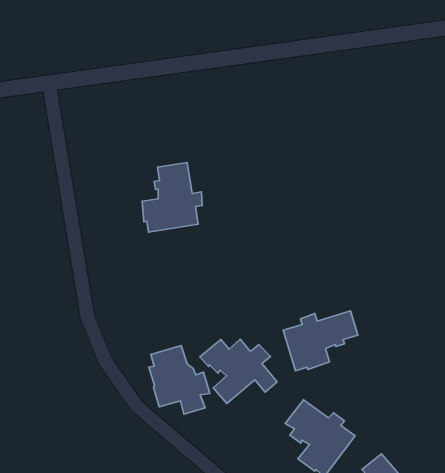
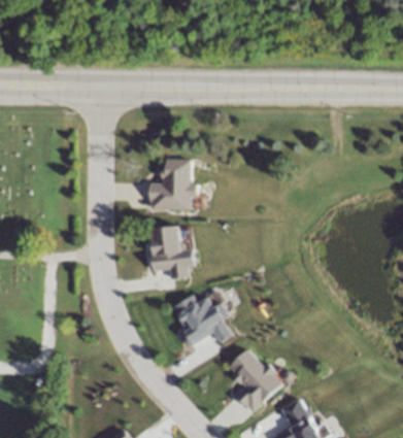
building: [283,311,358,371] -> none
building: [149,345,210,414] -> [149,227,192,278]

